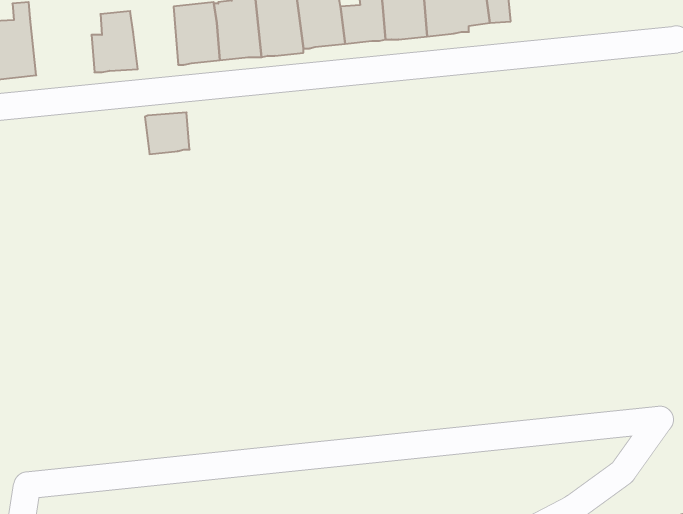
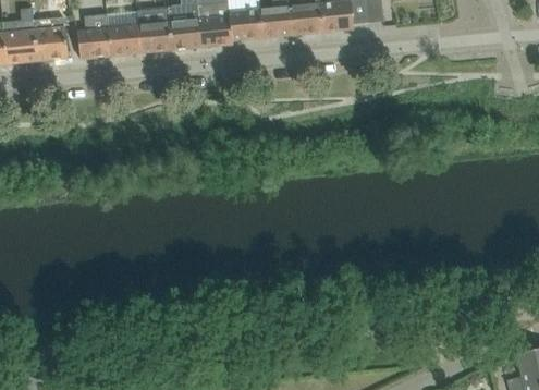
building: none -> [33,16,68,60]
building: [145,112,190,154] -> [108,25,140,56]

